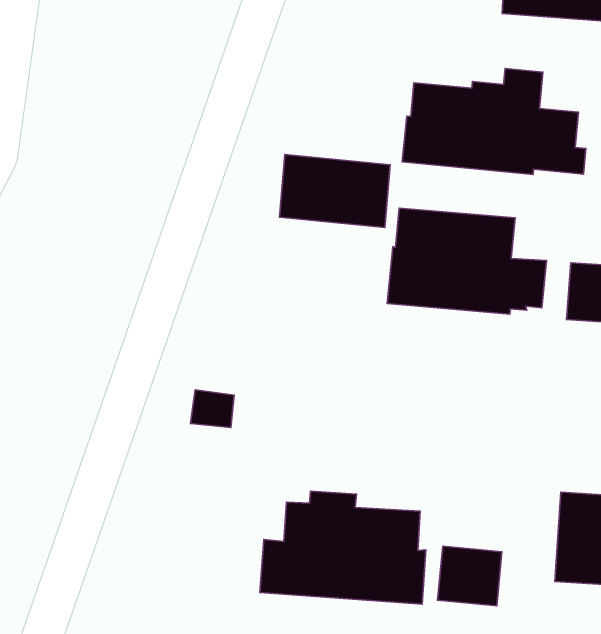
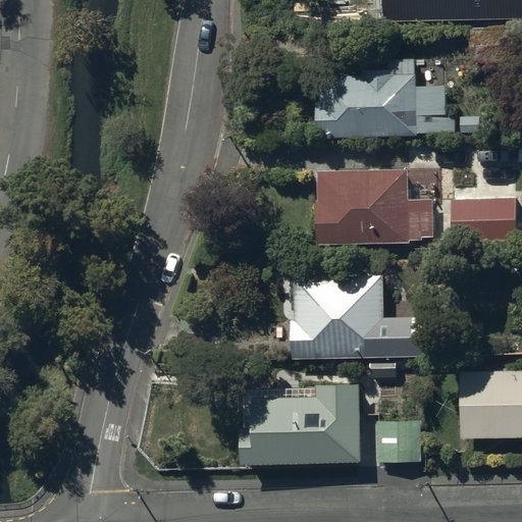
building: [279,155,390,227] -> none
building: none -> [292,274,434,358]

